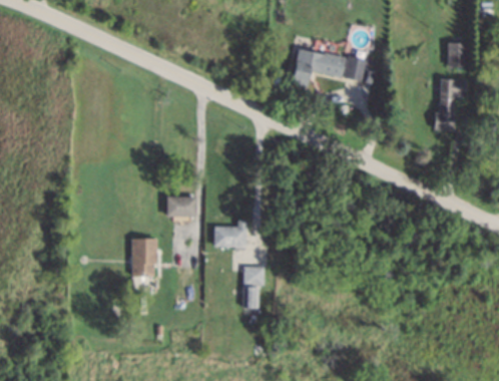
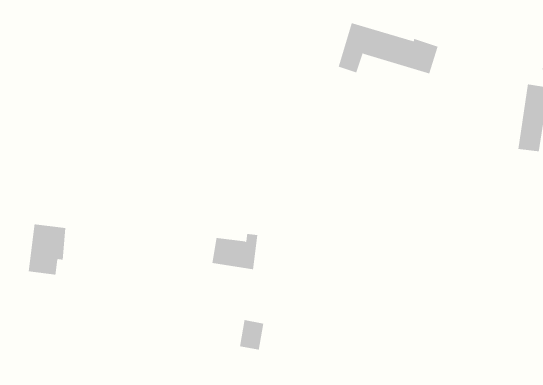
building: [166,197,196,217] -> none
building: [132,240,158,277] -> [28,224,66,275]
building: [243,267,265,286] -> none

